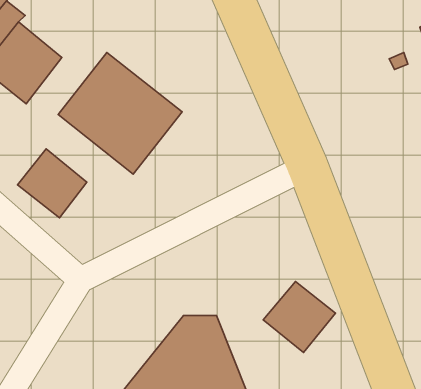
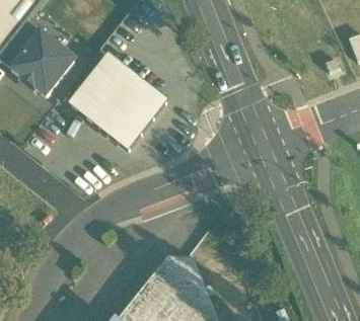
building: [18,149,87,218] -> none
building: [263,281,335,353] -> none

